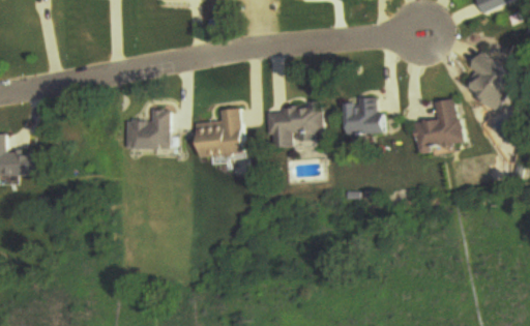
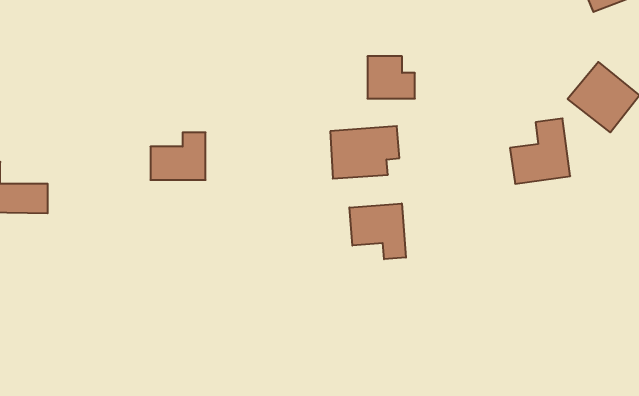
building: [346,99,384,134] -> [367,56,415,99]
building: [195,109,244,156] -> none
building: none -> [349,203,406,259]

